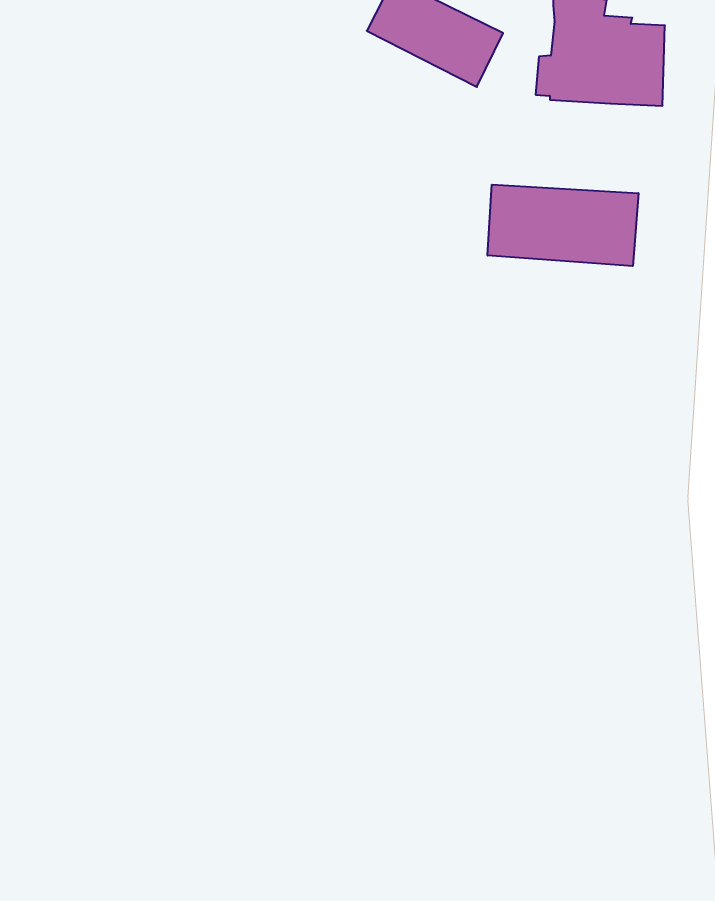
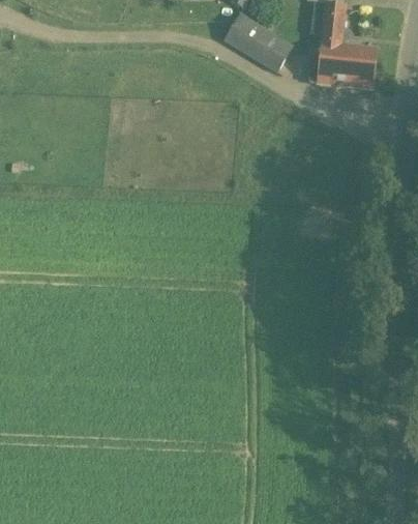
building: [488,185,638,266] -> none

